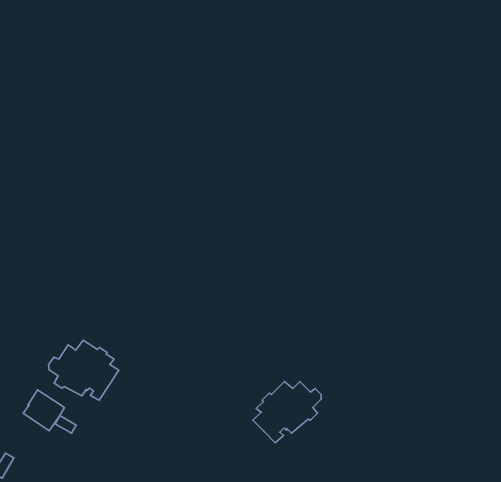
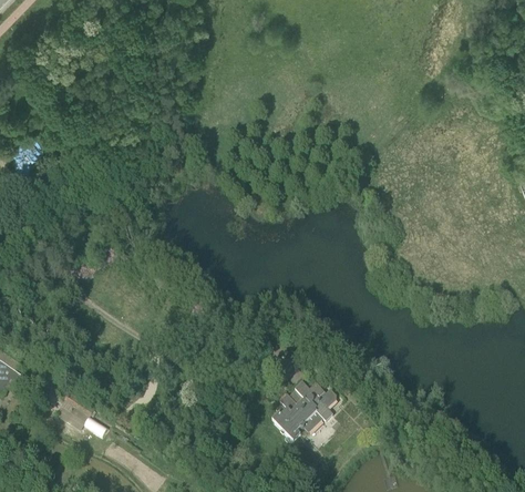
building: [49,340,119,400] -> none

